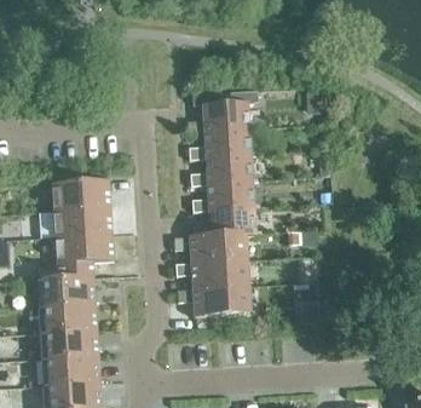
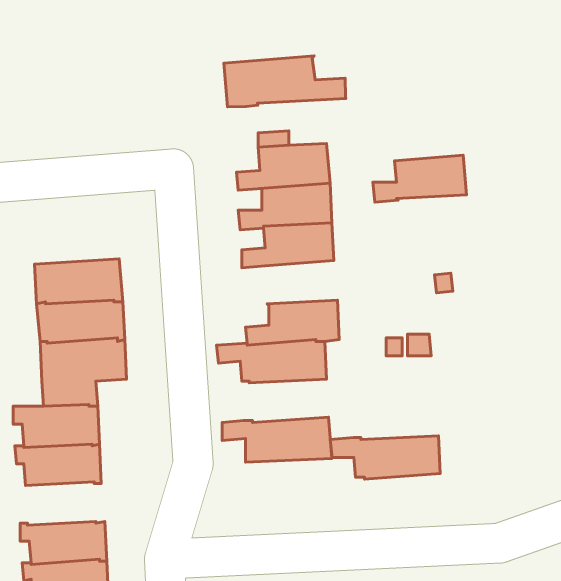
building: none -> [224,56,346,107]
building: [190,180,253,212] -> [373,155,467,202]
building: [173,260,247,289] -> [330,436,440,479]
building: [38,329,97,358] -> none

